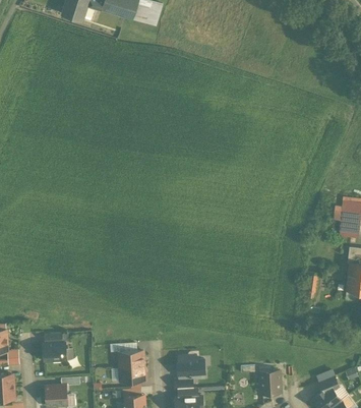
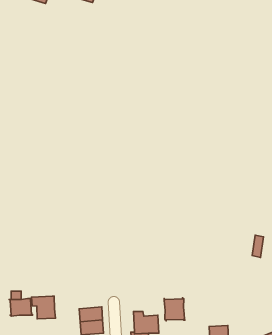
building: none -> [31,296,55,319]
building: none -> [164,298,185,321]

